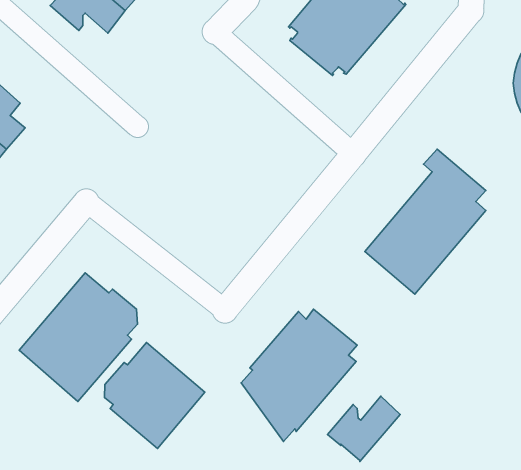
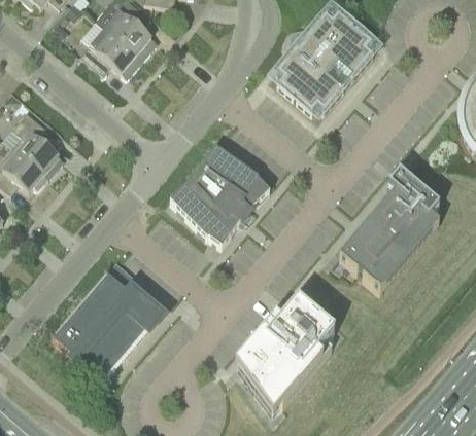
building: none -> [171,143,271,243]
building: [104,343,205,449] -> none
building: [327,396,400,462] -> none

